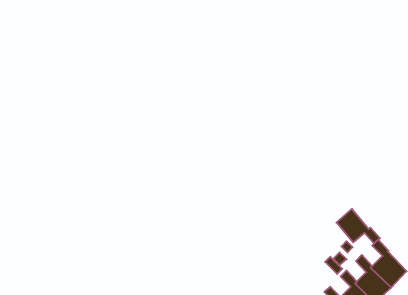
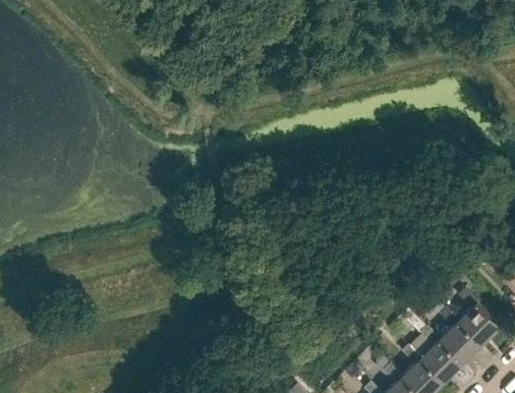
building: [336,209,380,243] -> none

